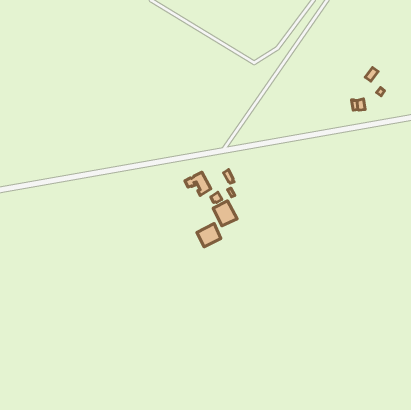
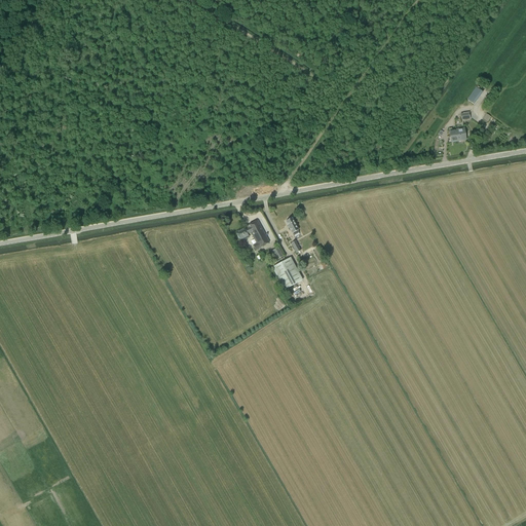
building: [197,224,221,247] -> none

